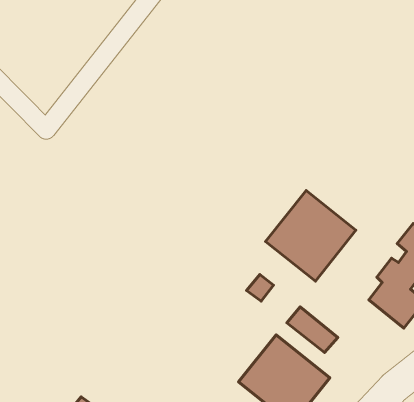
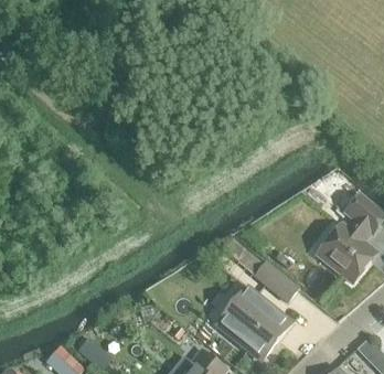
building: [266,191,356,281] -> none

